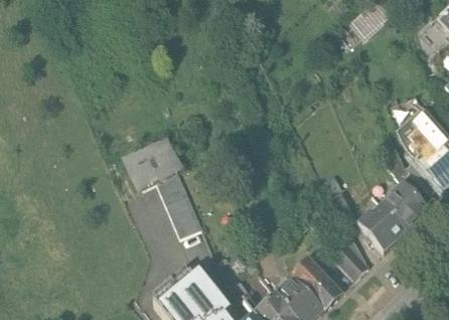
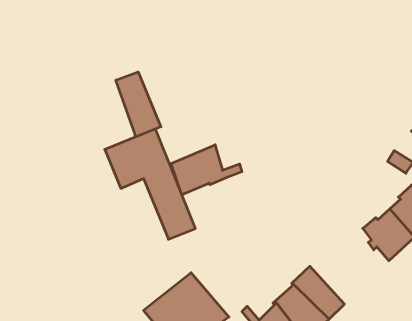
building: none -> [116,72,161,137]
building: none -> [171,145,242,195]
building: [333,235,369,278] -> none

